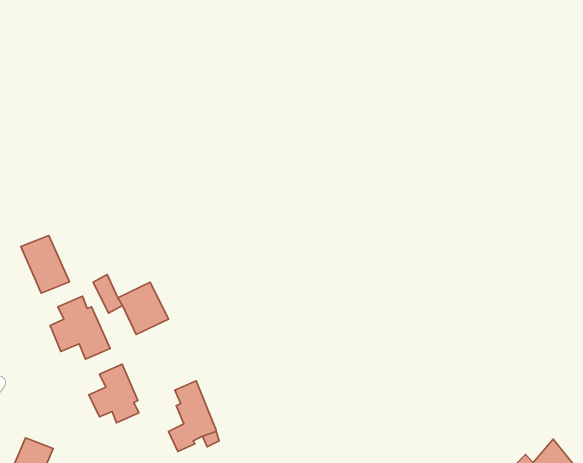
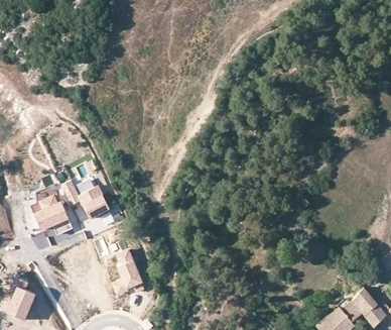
building: [21,235,69,293] -> none
building: [89,364,139,423] -> none

